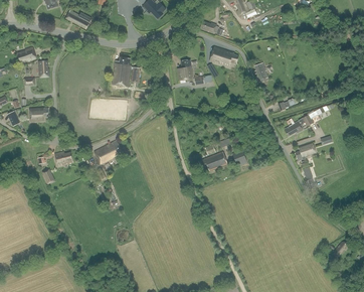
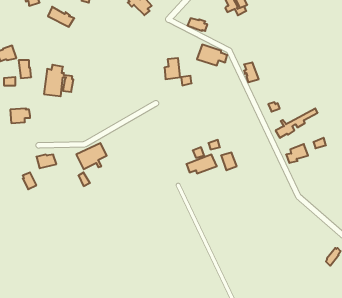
building: [112,55,140,86] -> [44,65,73,96]

